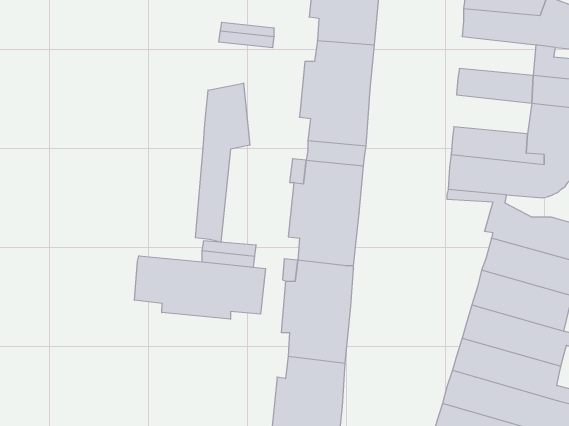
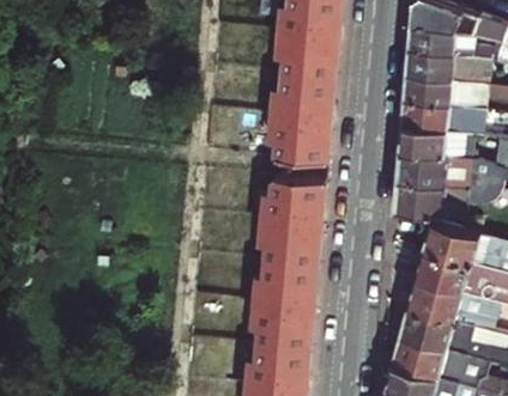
building: none -> [406,57,472,91]
building: [195,83,250,242] -> none
building: none -> [401,108,468,141]
building: [134,256,265,319] -> none

